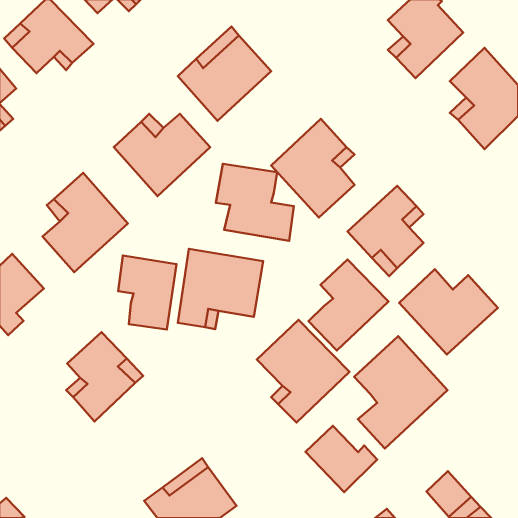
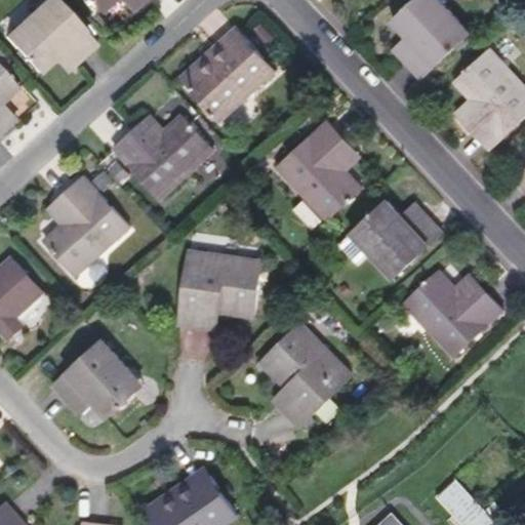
building: [216,164,294,241] -> none
building: [118,256,177,330] -> none
building: [309,259,388,350] -> none
building: [354,336,447,449] -> none
building: [306,426,377,492] -> none

